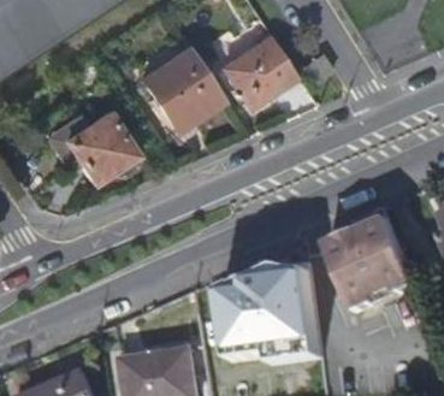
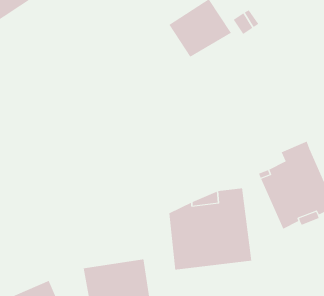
building: [134,45,219,130] -> none
building: [35,104,135,181] -> none

